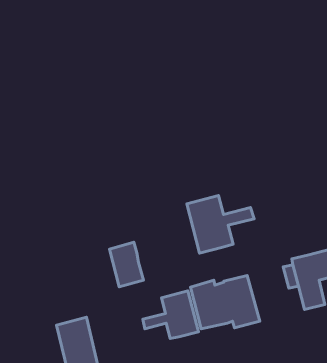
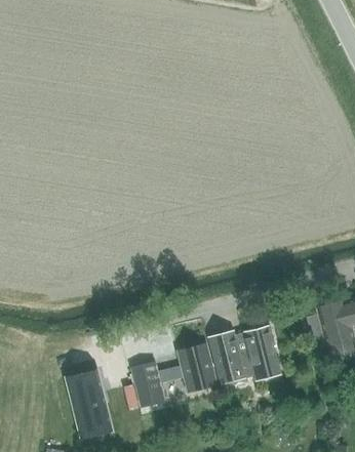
building: [187,196,254,253] -> none
building: [109,242,143,287] -> [129,362,165,409]

